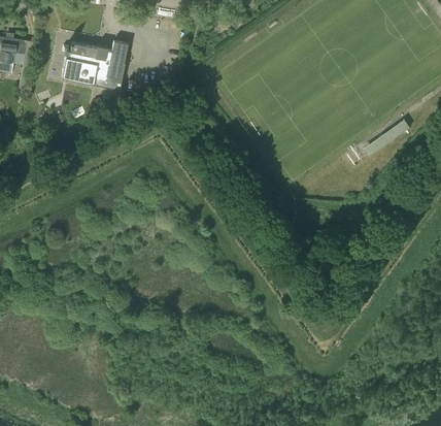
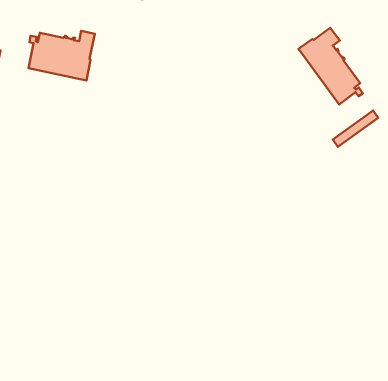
building: none -> [299,28,363,104]

